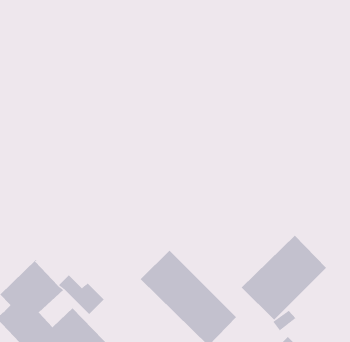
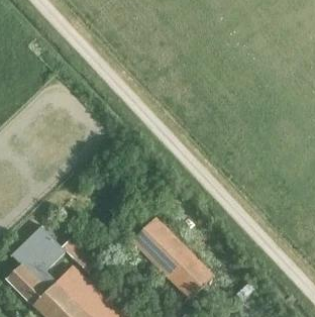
building: [241,235,327,321] -> none

